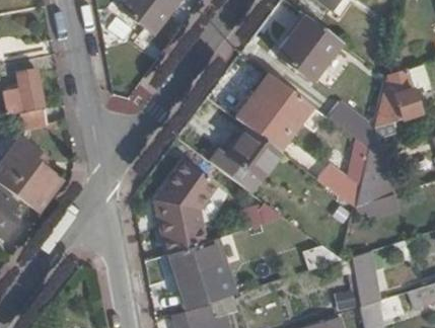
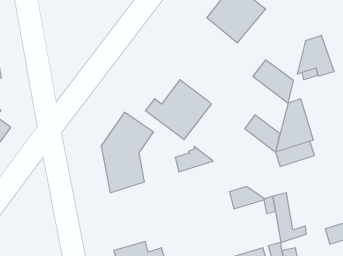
building: [239,77,310,149] -> none
building: [168,235,239,308] -> none

